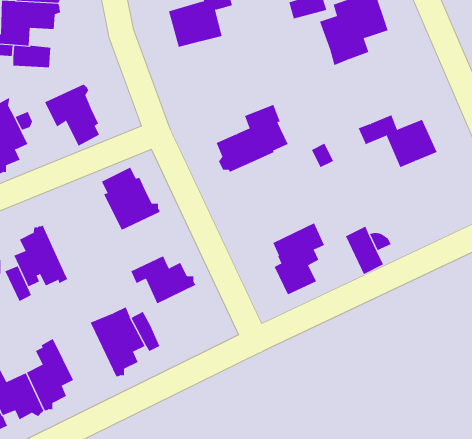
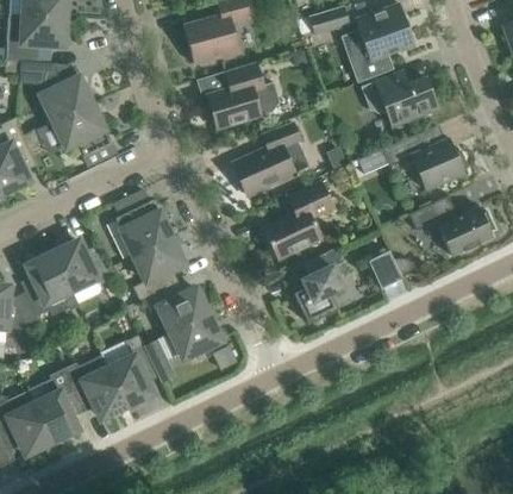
building: none -> [206,61,279,127]
building: none -> [361,70,437,126]
building: none -> [40,77,94,120]
building: none -> [261,180,333,259]
building: none -> [408,195,495,256]
building: none -> [132,236,183,300]
building: none -> [51,240,110,304]
building: none -> [170,312,220,357]
building: none -> [62,354,127,418]

